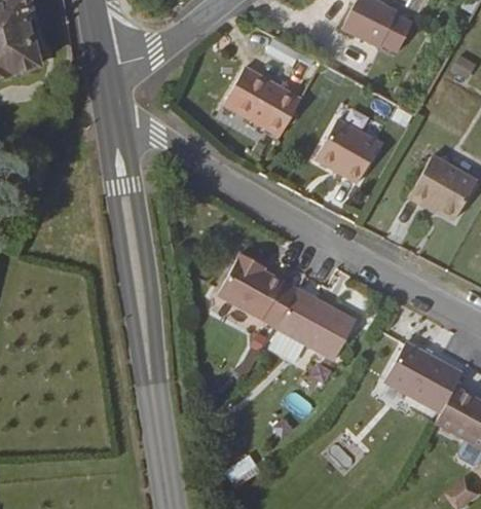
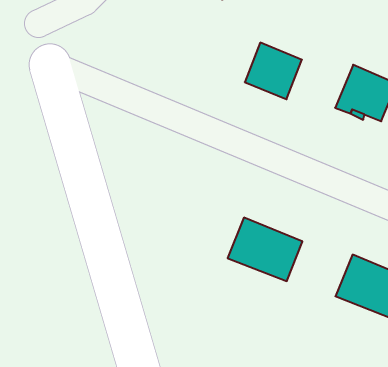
building: [226,61,303,130] -> none
building: [217,255,299,331] -> none

